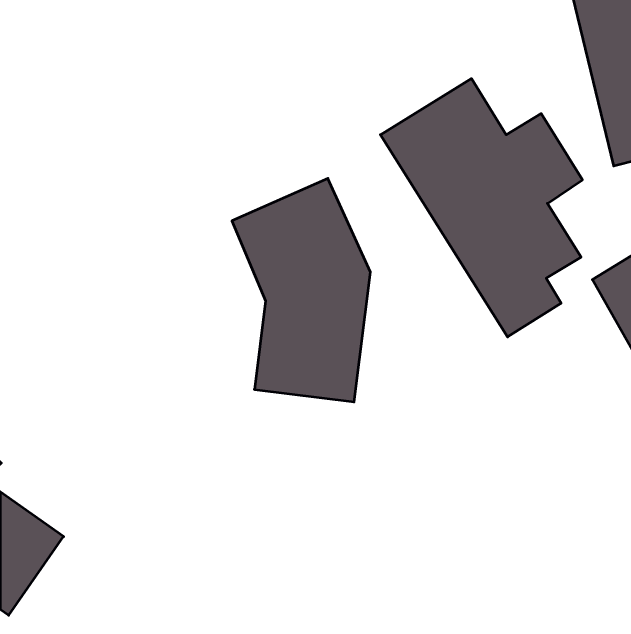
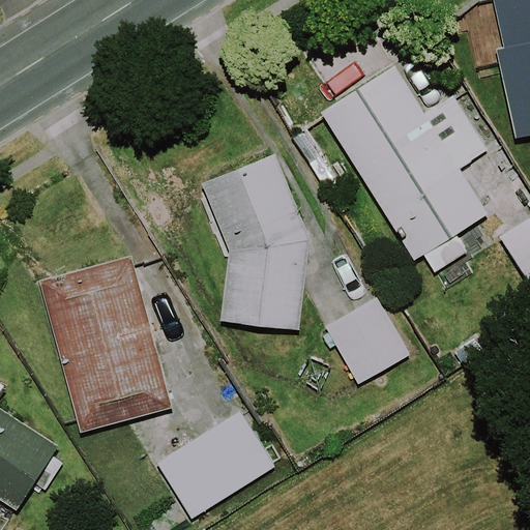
building: none -> [38,258,169,432]
building: none -> [326,294,412,383]
building: none -> [156,409,276,518]

